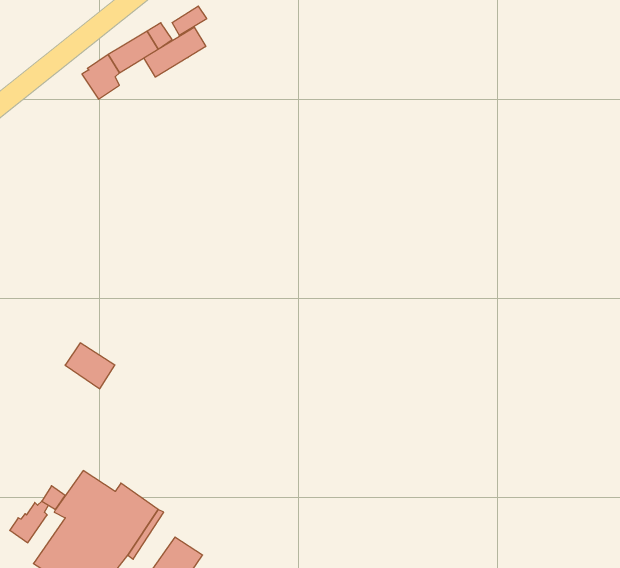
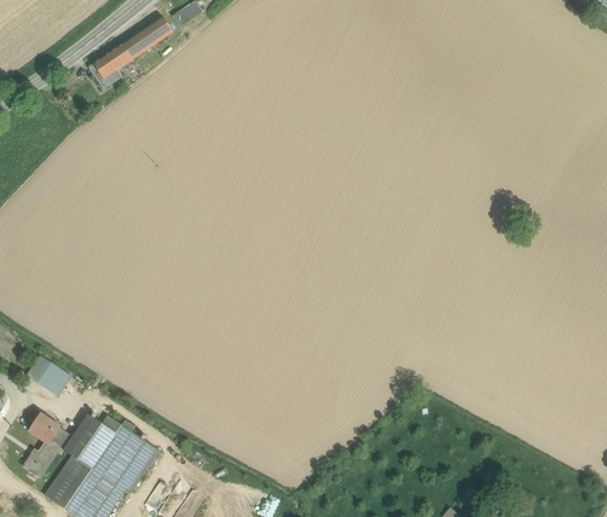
building: [144,27,206,77] -> none
building: [65,343,115,389] -> [27,356,70,396]
building: none -> [28,413,60,445]

